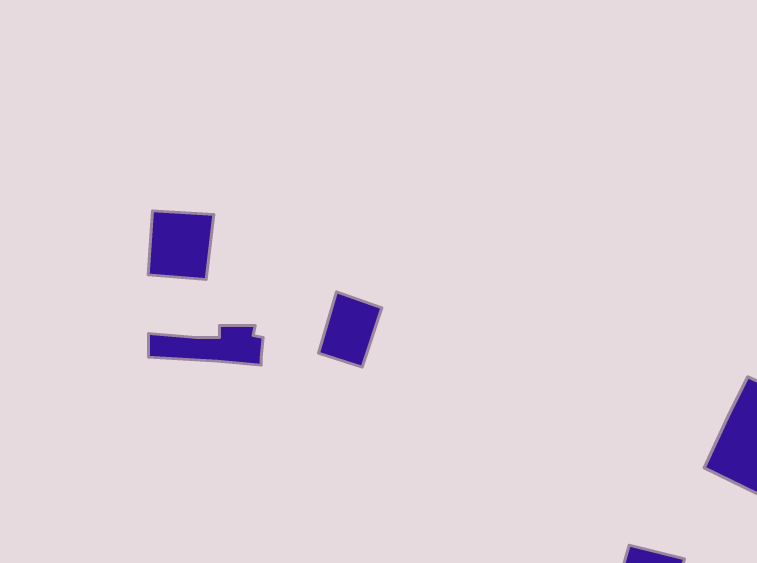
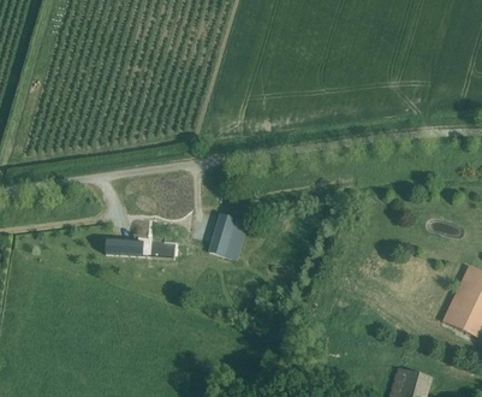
building: [148,211,214,280] -> none

